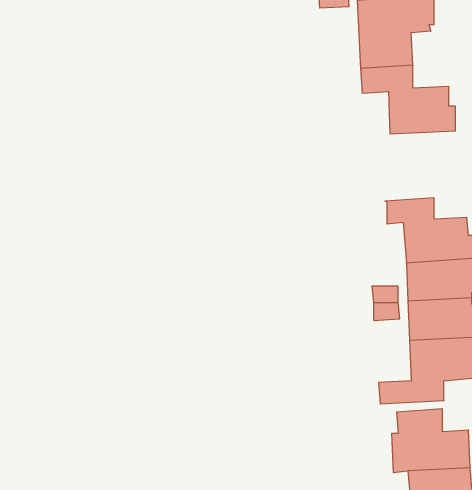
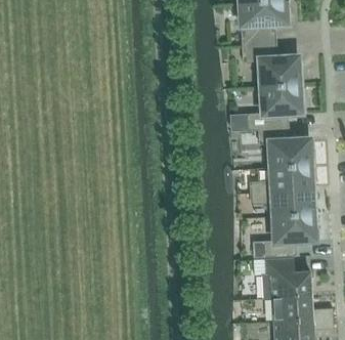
building: none -> [247,84,303,128]

